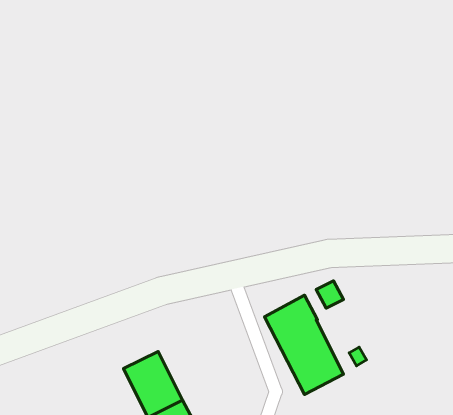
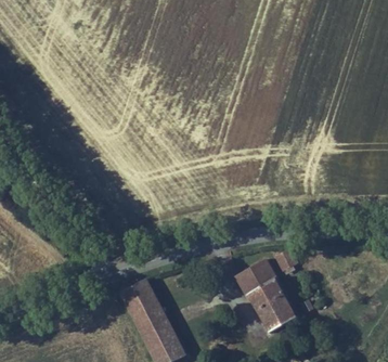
building: none -> [119,279,156,313]

